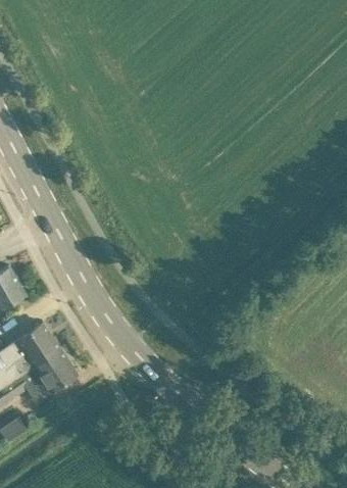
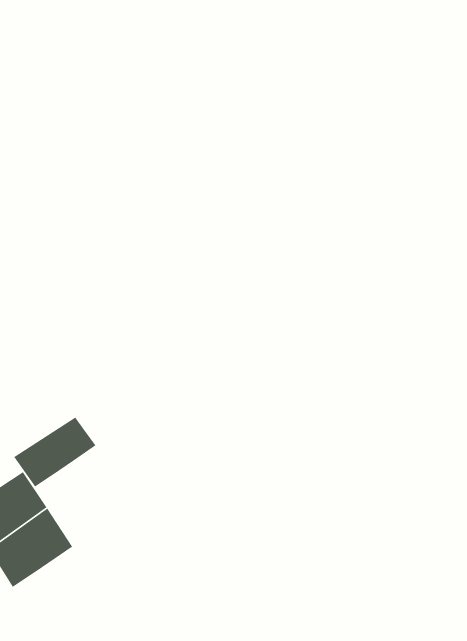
building: none -> [13,417,97,487]

